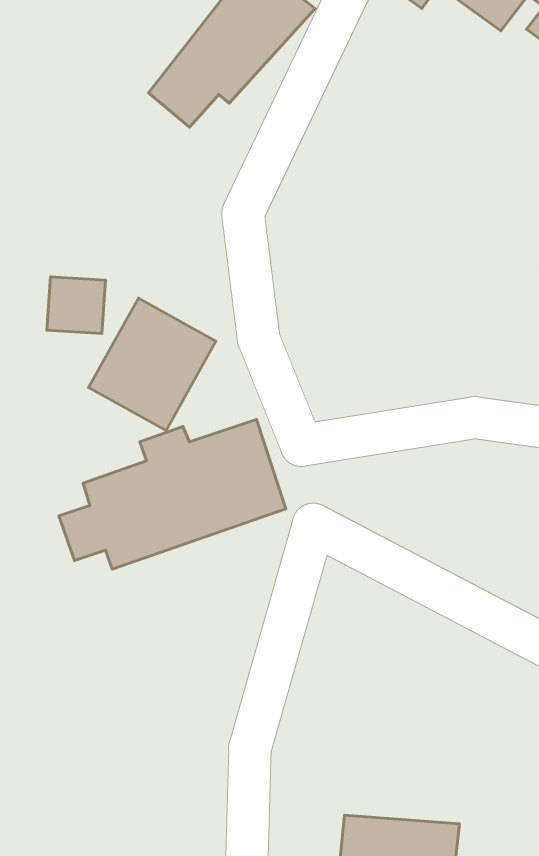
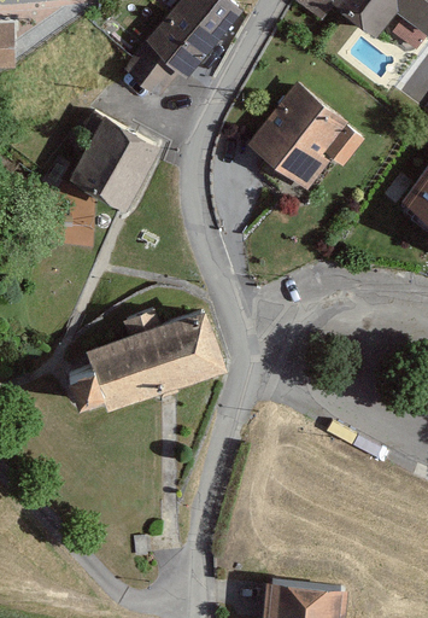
building: none -> [248,82,345,188]
building: [89,298,216,431] -> [68,115,157,208]

